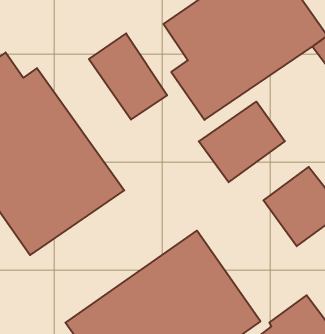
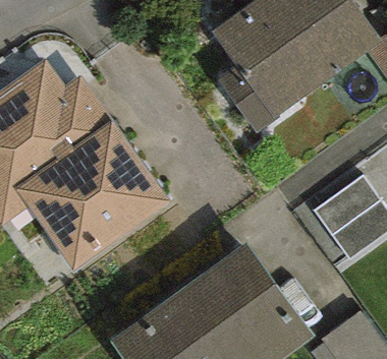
building: [89,33,167,120] -> none
building: [199,102,285,182] -> none

